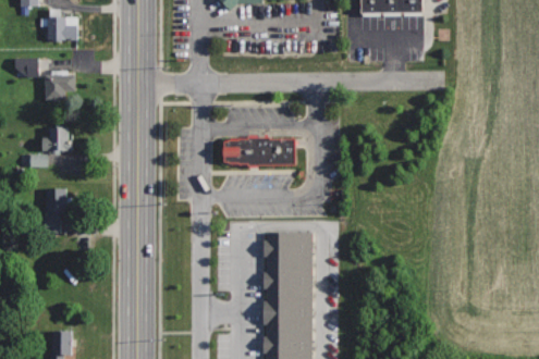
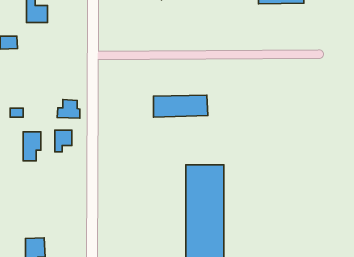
building: [45,73,77,101] -> none
building: [42,126,73,151] -> [57,100,80,118]
building: none -> [55,130,72,152]

